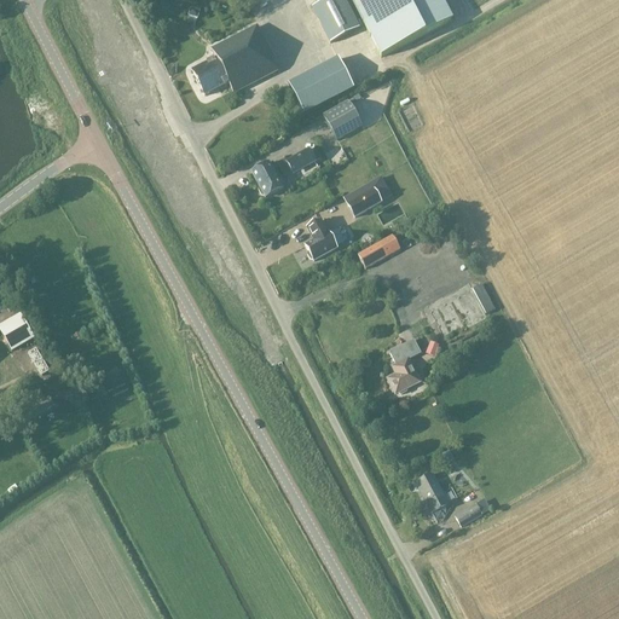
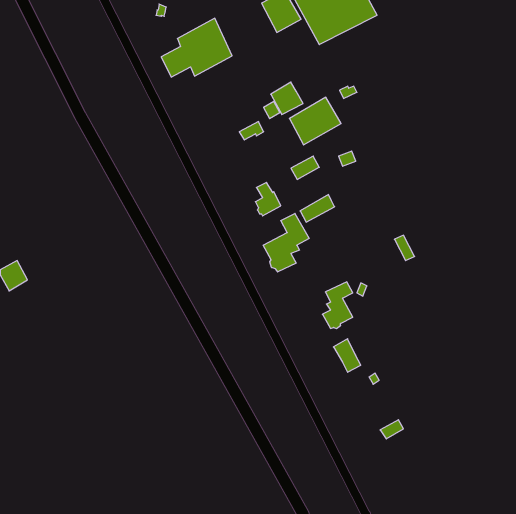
building: [289,52,351,109] -> [289,97,341,145]
building: [254,158,284,193] -> none
building: none -> [263,213,309,272]
building: [417,470,450,510] -> [333,339,361,372]

